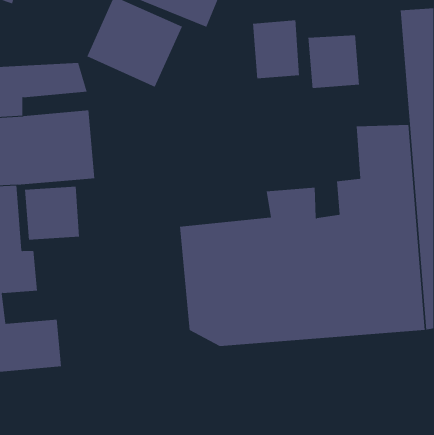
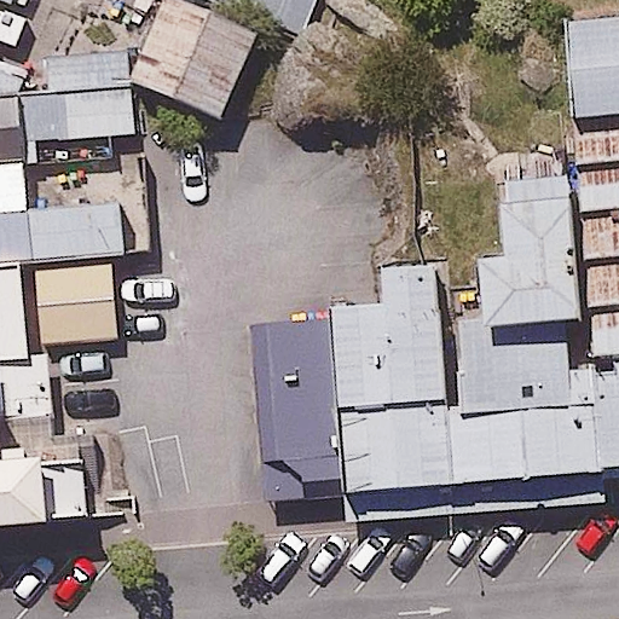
building: [253,20,300,79] -> none
building: [308,34,359,89] -> none

